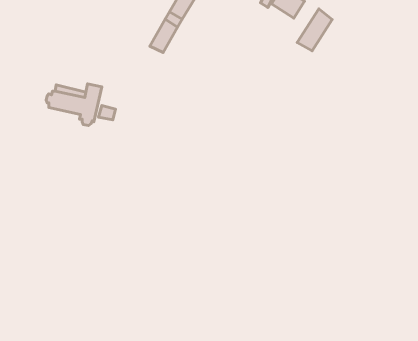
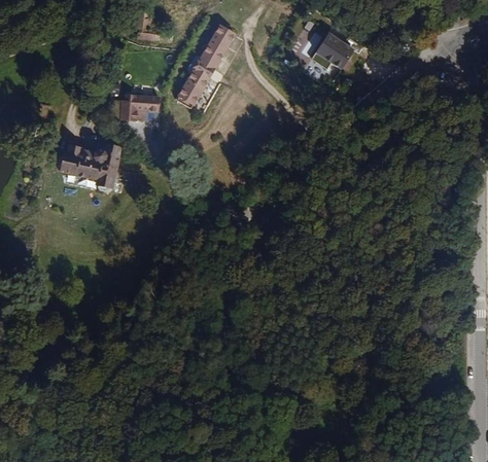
building: [297,9,332,51] -> none
building: none -> [123,94,159,119]

